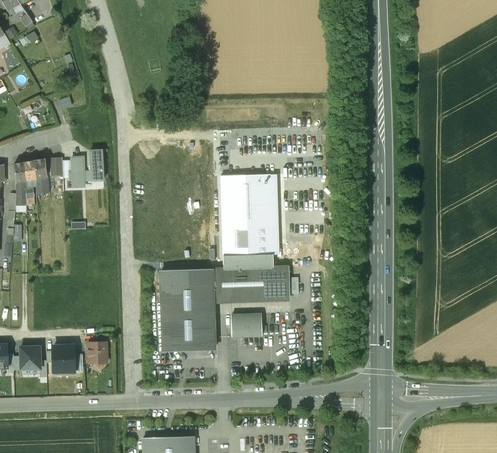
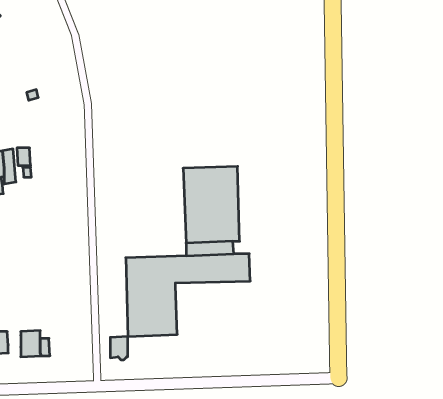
building: [69,150,102,187] -> none
building: [231,314,262,336] -> none
building: [88,341,106,365] -> [110,336,128,360]

